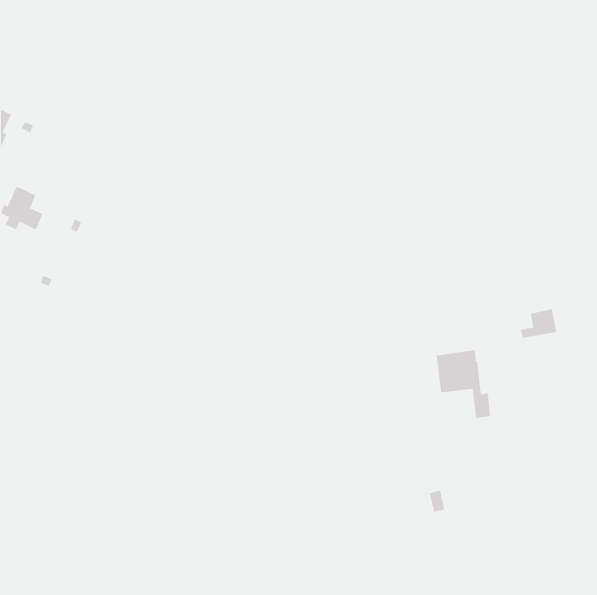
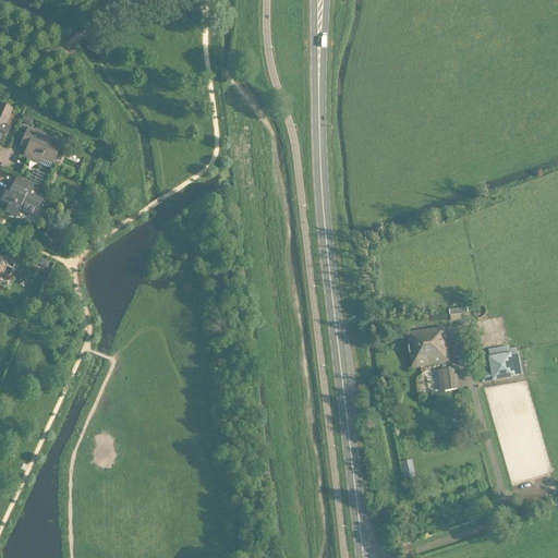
building: none -> [19,125,61,167]
building: [520,309,557,338] -> [480,353,514,380]

